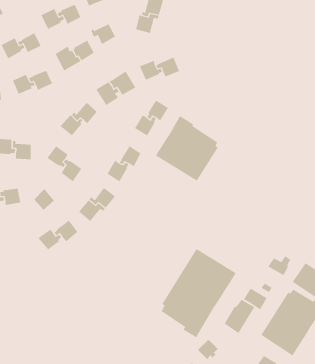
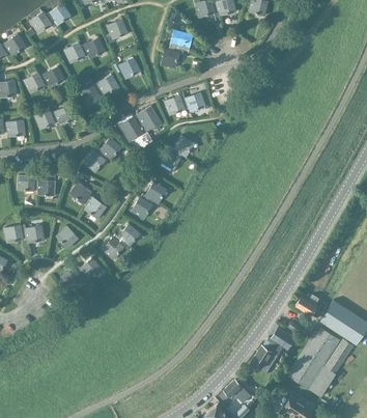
building: [155,115,219,181] -> none
building: [161,248,236,338] -> none

